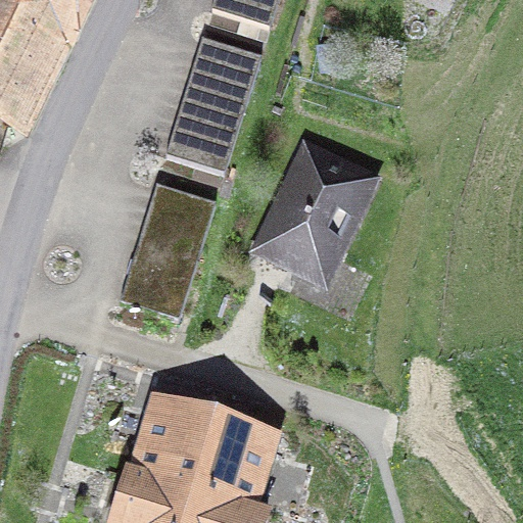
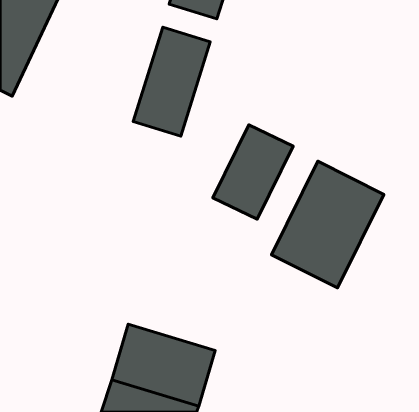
building: [121,180,217,316] -> none
building: none -> [271,161,384,288]

